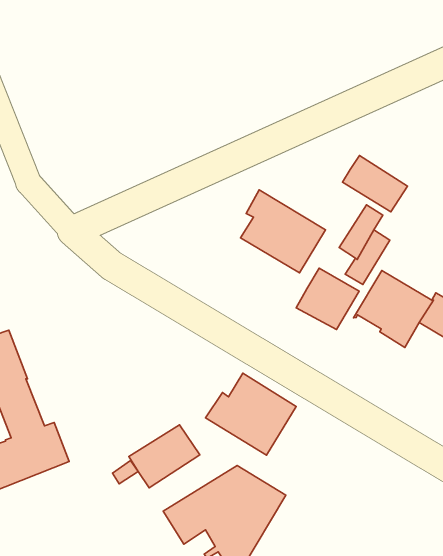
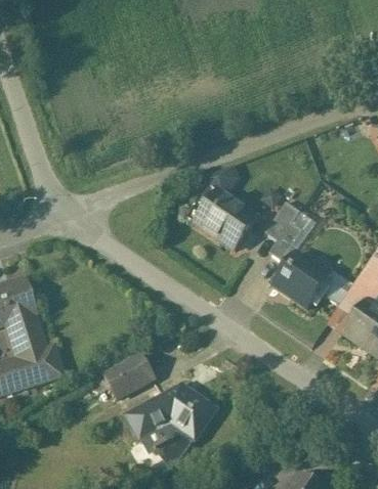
building: [343,156,408,212] -> none
building: [296,268,359,329] -> none
building: [206,373,296,455] -> none

